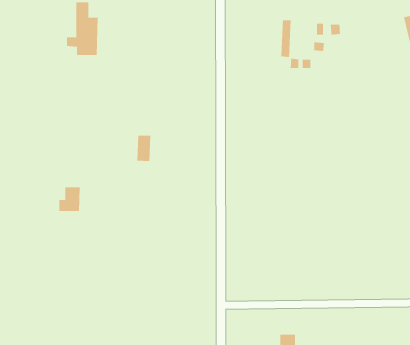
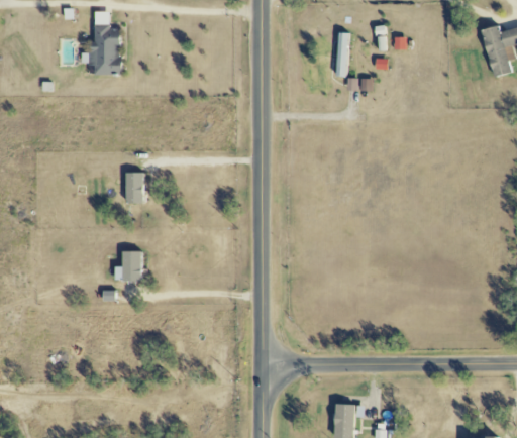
building: [137,135,151,162] -> [126,173,143,204]
building: [58,187,81,211] -> [115,251,141,281]

